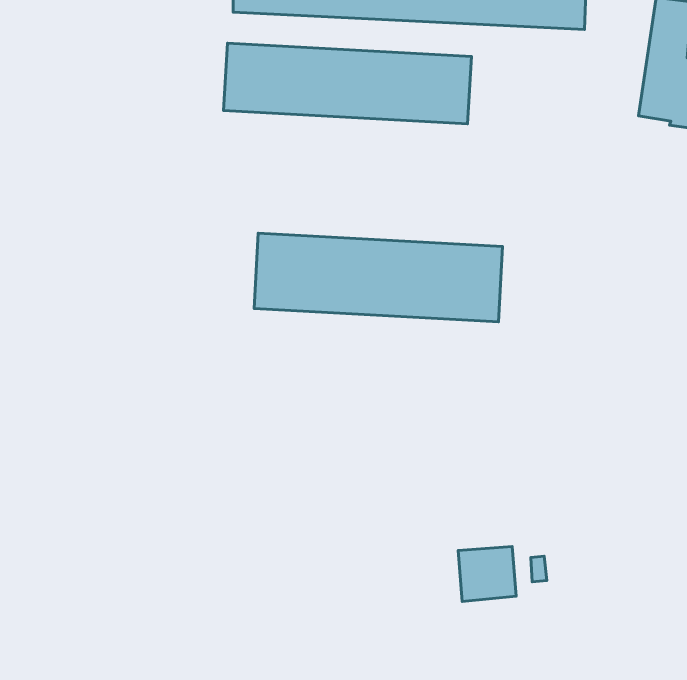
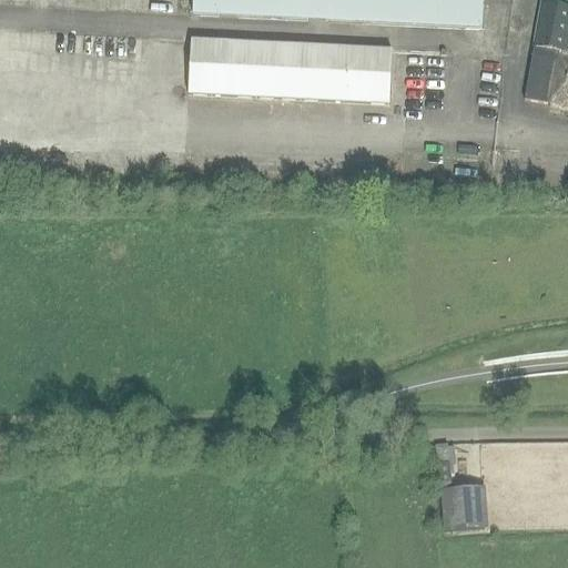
building: [254,233,502,322] -> none
building: [458,546,516,602] -> [439,481,487,527]

